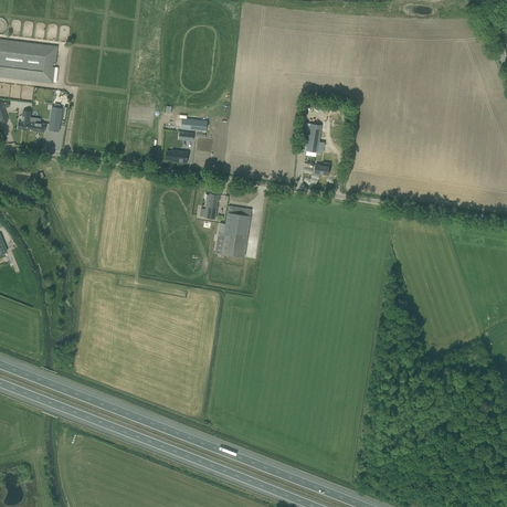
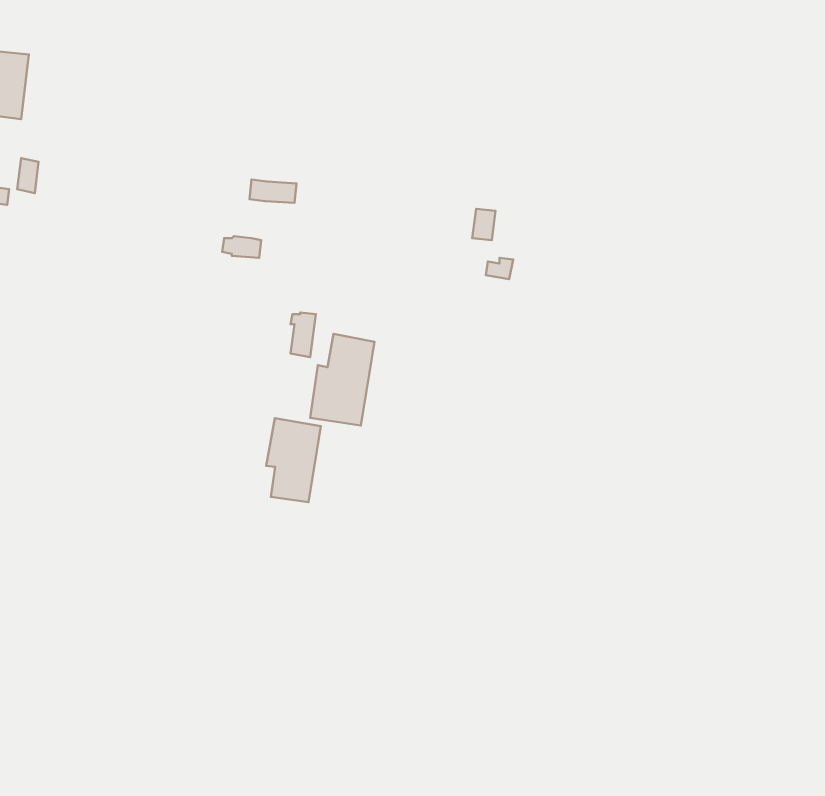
building: none -> [266,418,321,502]

